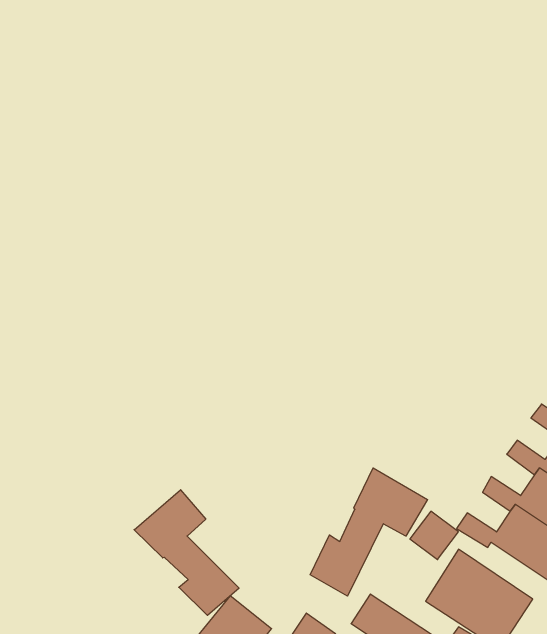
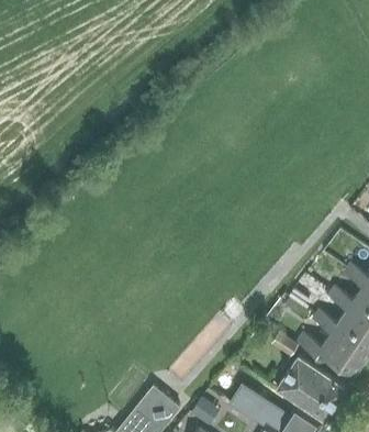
building: [310,468,428,596] -> none
building: [134,490,239,615] -> none

